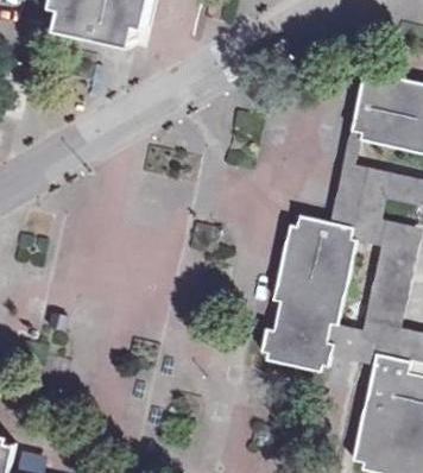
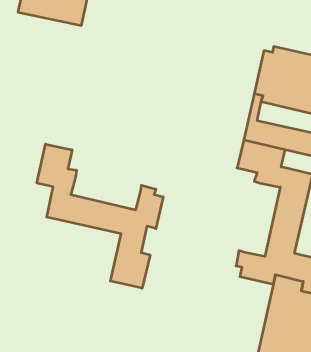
building: none -> [37,144,163,288]
building: [263,213,359,370] -> none

